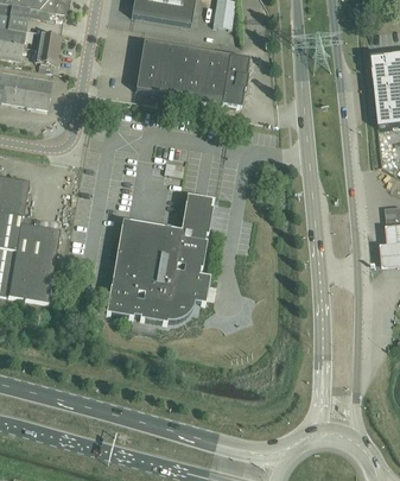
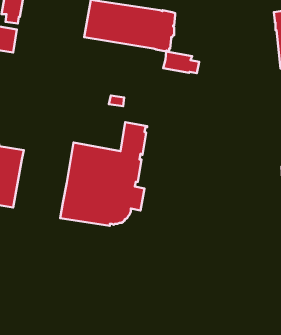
building: none -> [163,52,199,73]

